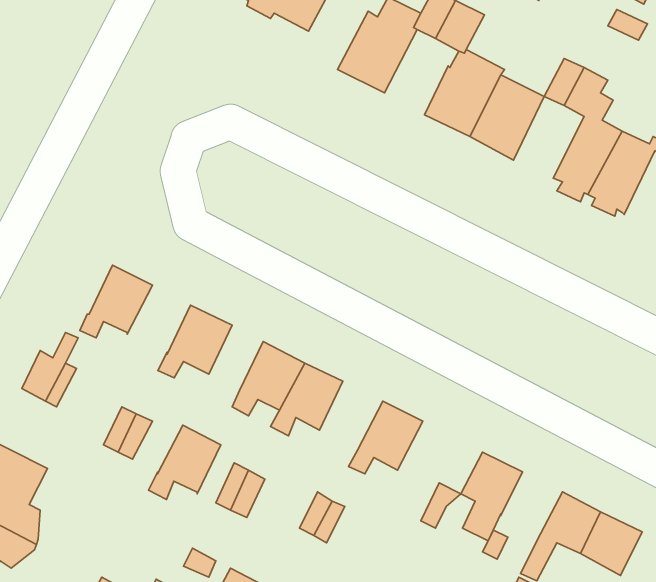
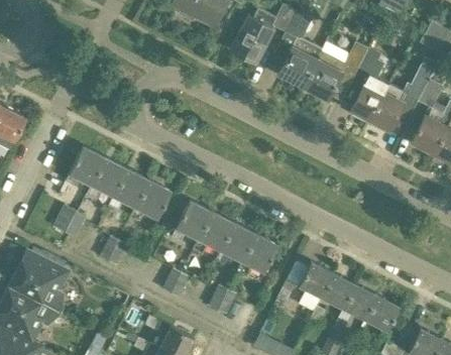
building: none -> [65,147,105,187]
building: none -> [215,223,255,264]
building: [148,425,221,499] -> [108,169,148,211]
building: none -> [321,273,355,308]

